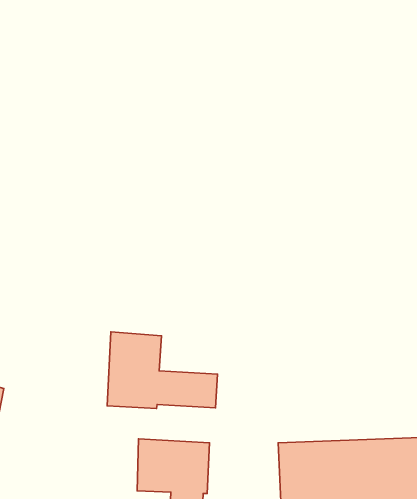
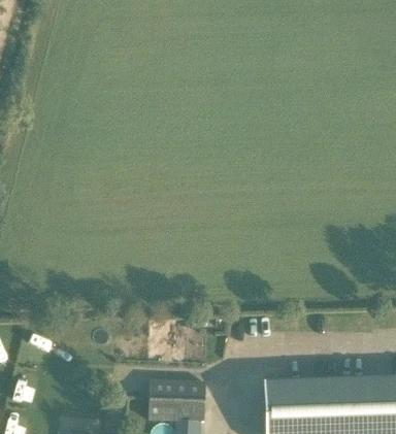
building: [107,332,217,409] -> none

